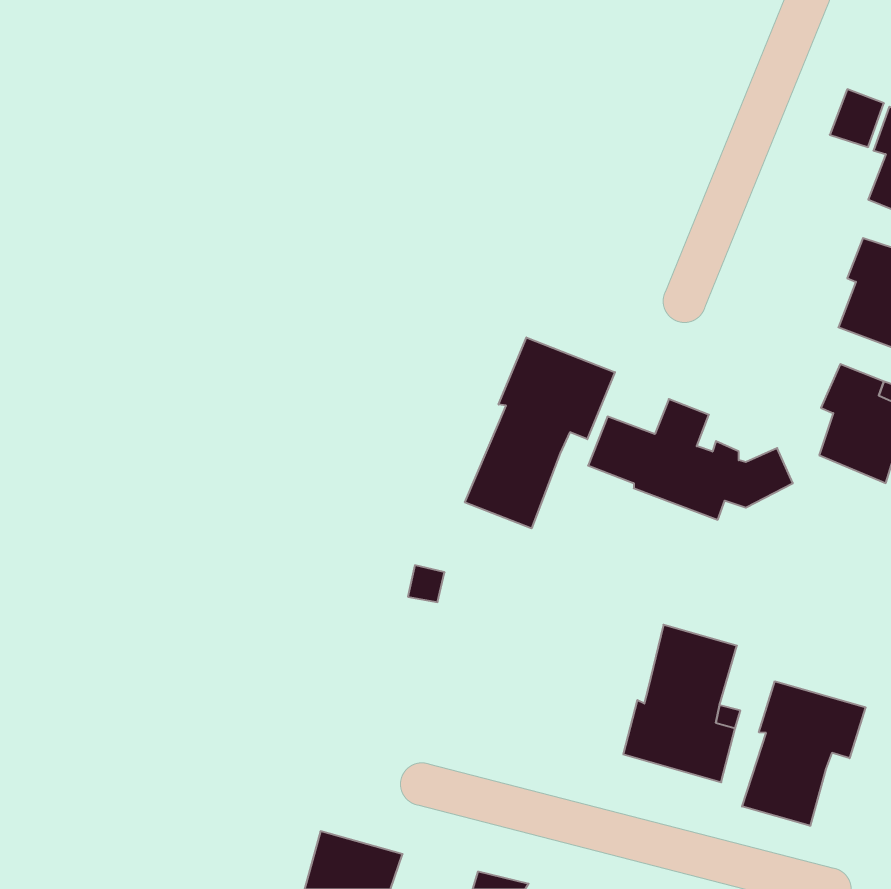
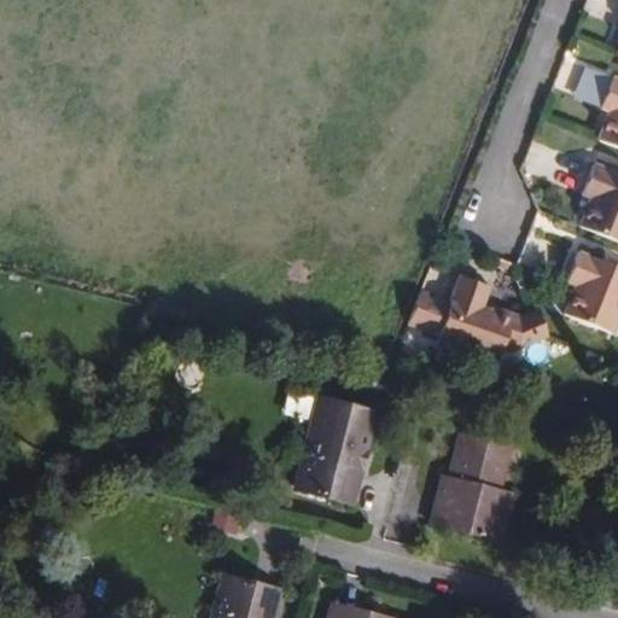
building: [465,337,615,528] -> none
building: none -> [298,396,377,501]
building: [742,681,866,826] -> none

